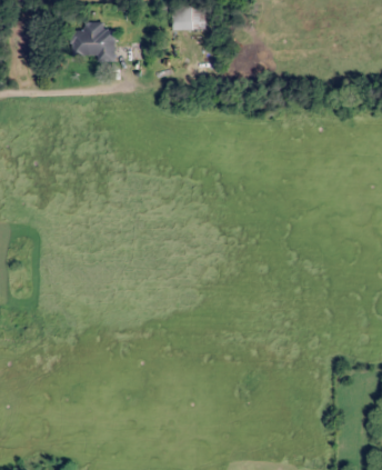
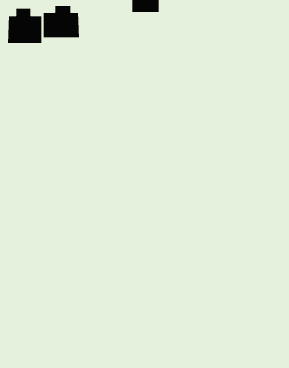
building: none -> [8,8,42,44]

